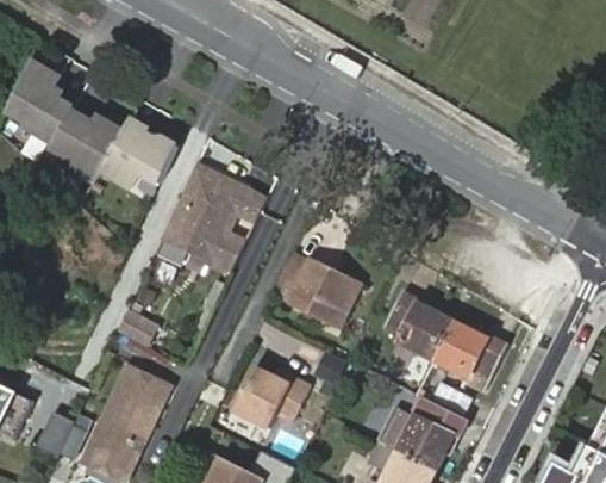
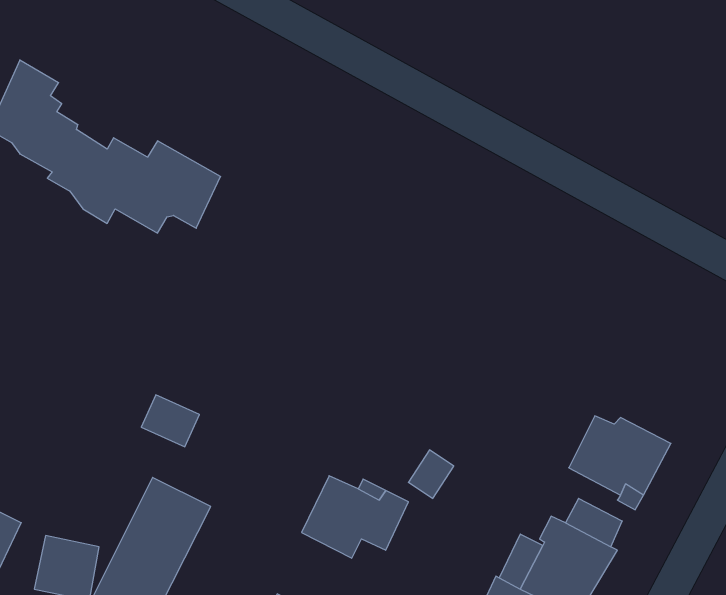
building: [160,163,261,273] -> none
building: [276,255,361,326] -> none
building: [383,291,450,361] -> none

